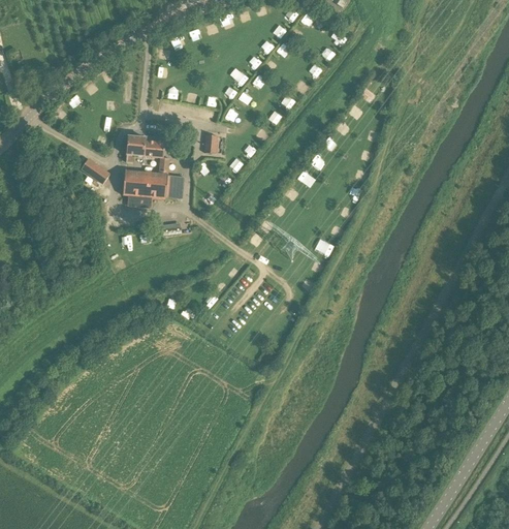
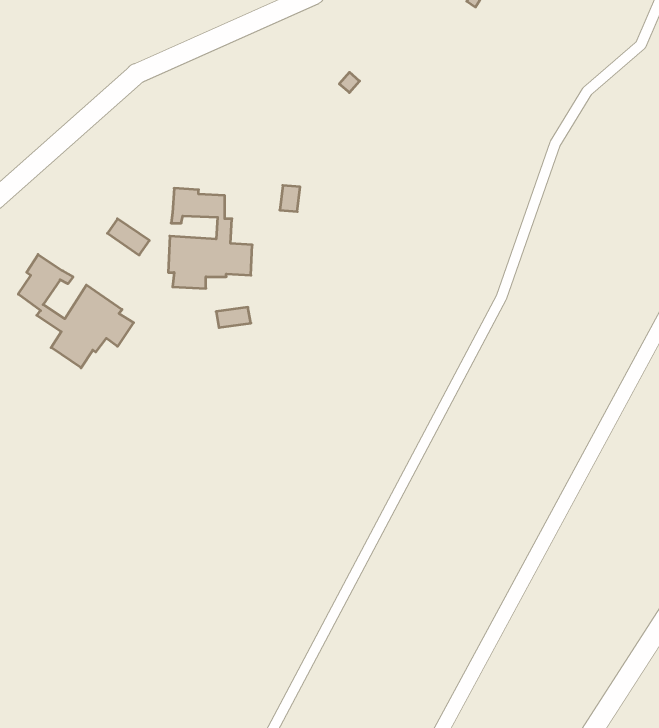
building: none -> [18,254,134,368]

